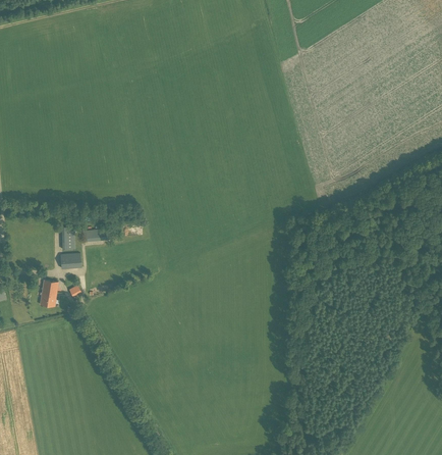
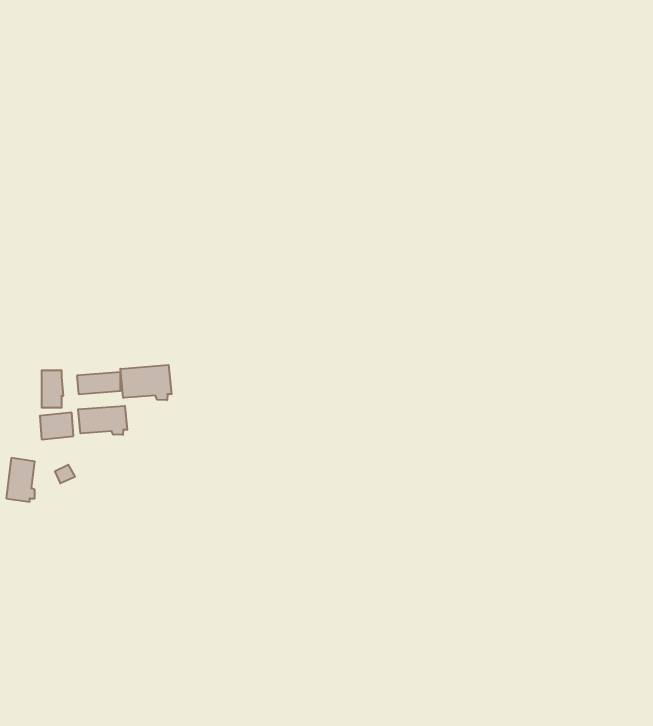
building: none -> [120,365,171,400]
building: none -> [78,406,127,435]

